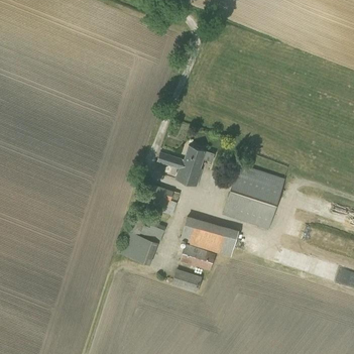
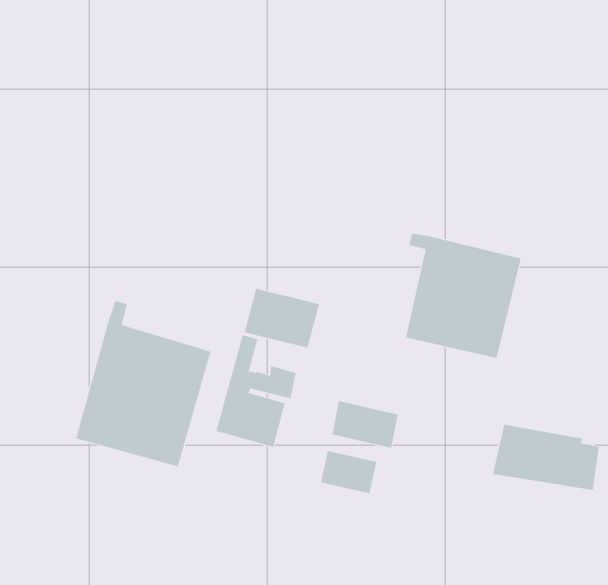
building: [158,145,216,187] -> none
building: none -> [76,300,211,467]
building: [181,216,237,254] -> [492,424,600,491]

